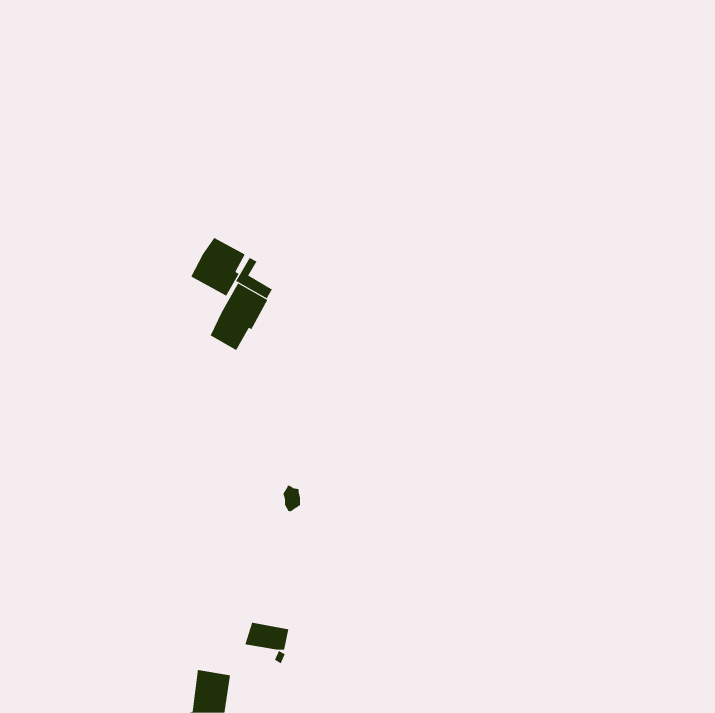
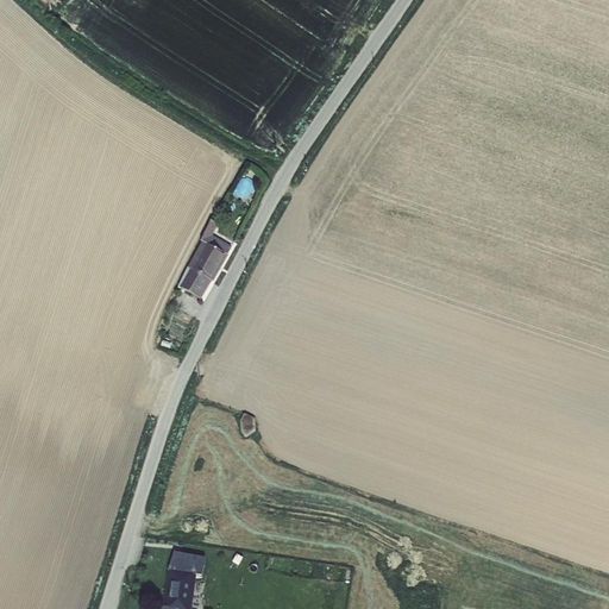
building: [190,237,246,297] -> none
building: [244,622,289,650] -> [168,551,206,575]

